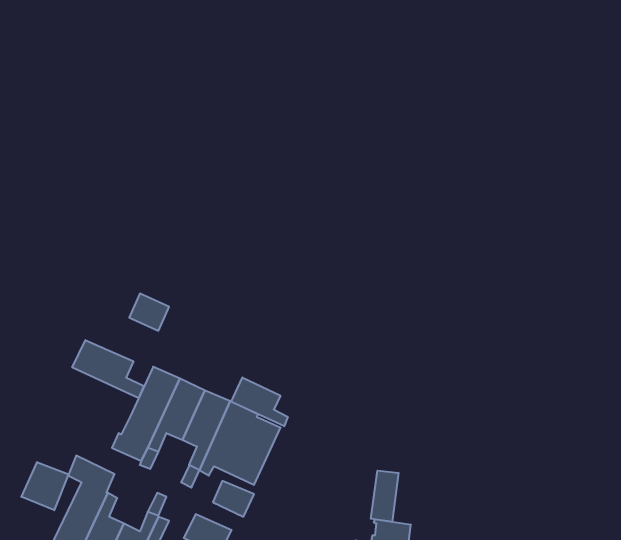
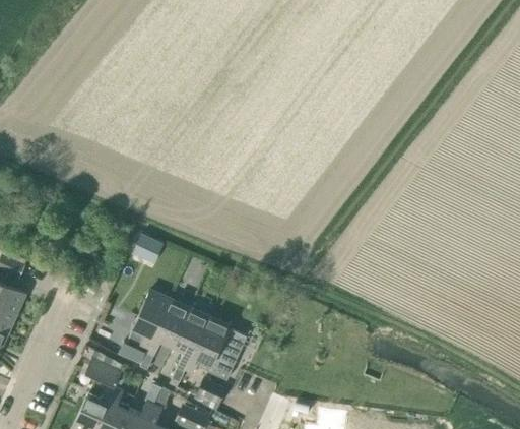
building: [72,340,144,398] -> none
building: [231,377,288,426] -> none
building: [21,462,69,510] -> none
building: [371,471,398,522] -> none

